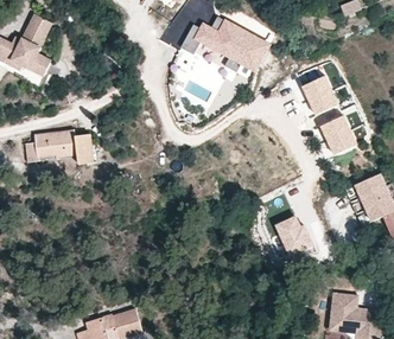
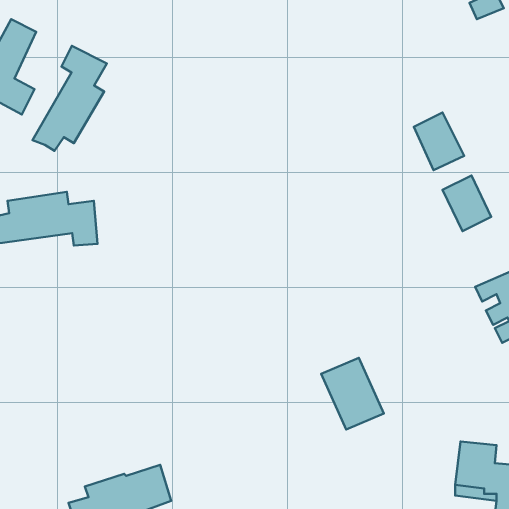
building: [178,18,272,71] -> none
building: none -> [33,46,107,151]
building: [274,211,316,258] -> [321,358,384,430]

